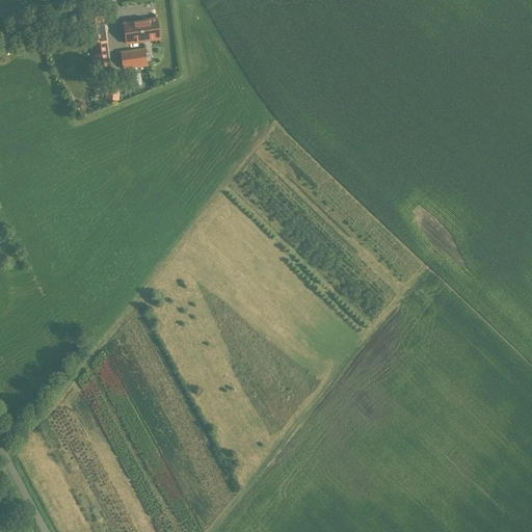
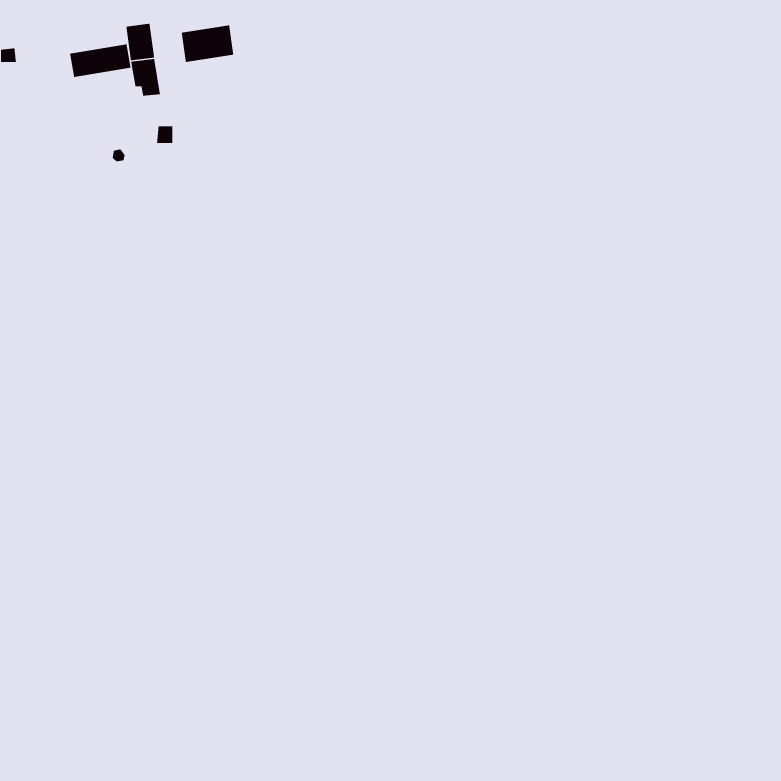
building: none -> [69,43,131,78]
building: [121,48,148,68] -> none

